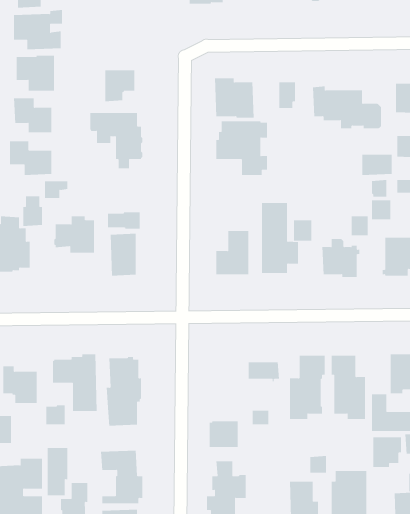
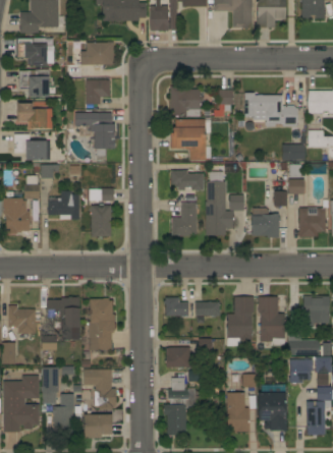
building: none -> [73,42,114,65]
building: none -> [171,170,204,190]
building: none -> [164,297,188,318]

